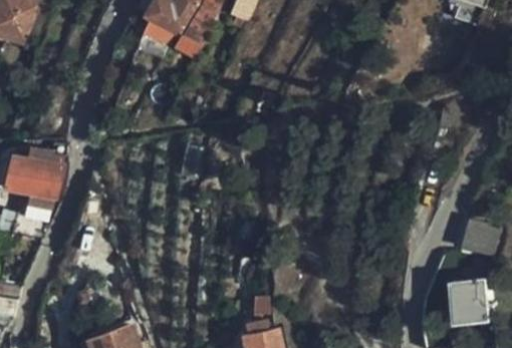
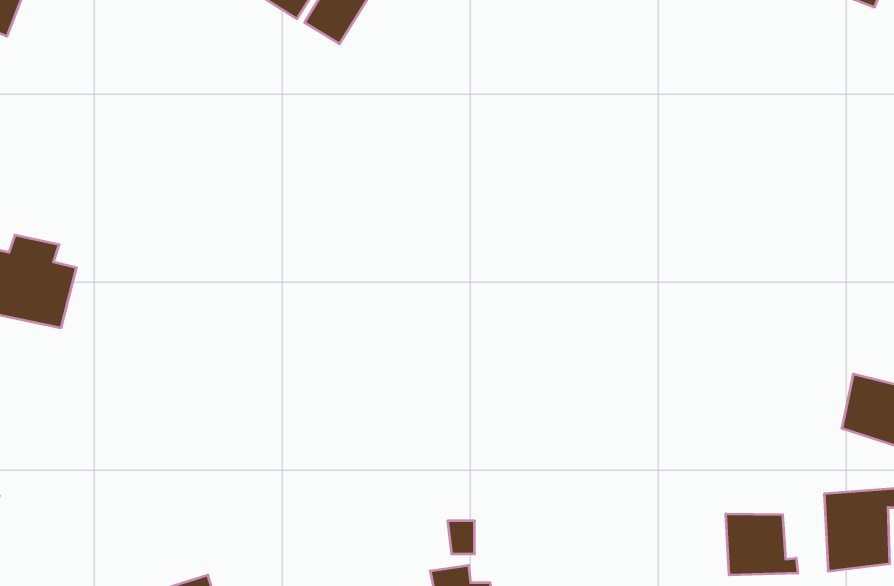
building: none -> [726,514,798,575]

